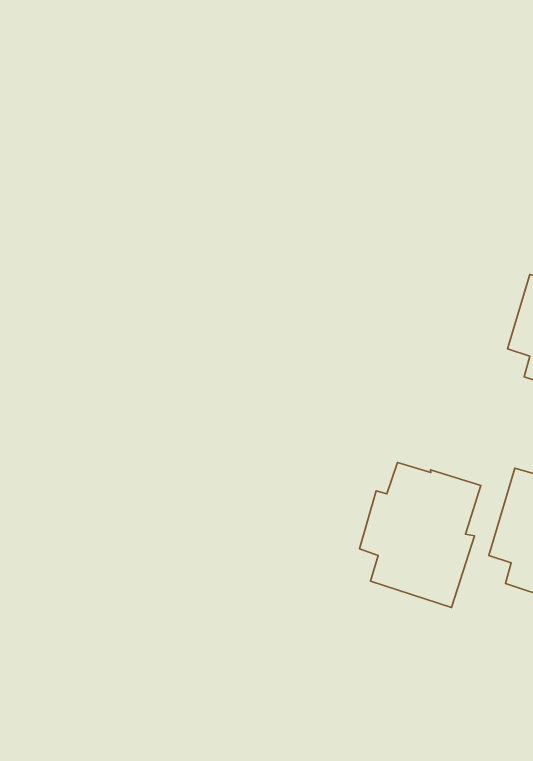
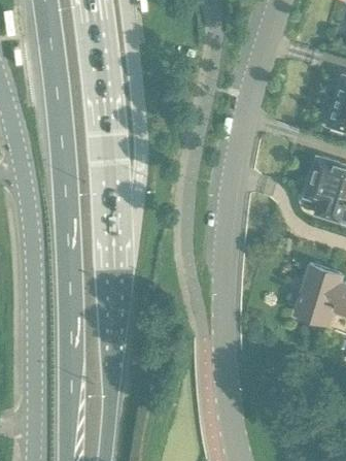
building: [359,463,481,607] -> none

